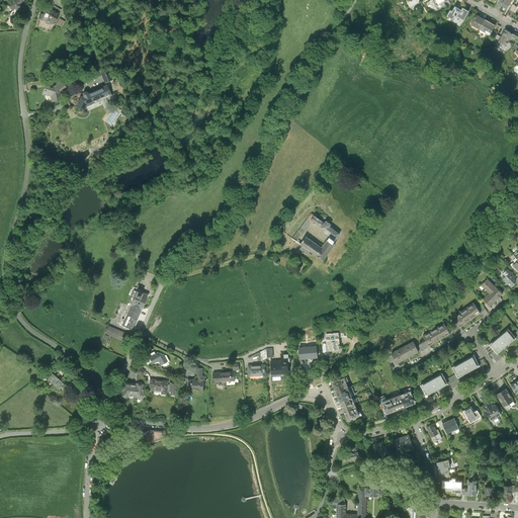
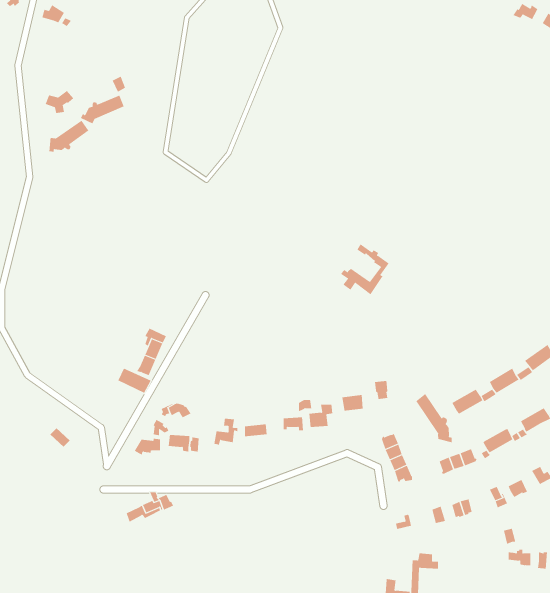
building: none -> [49,120,89,153]
building: none -> [416,393,452,443]

